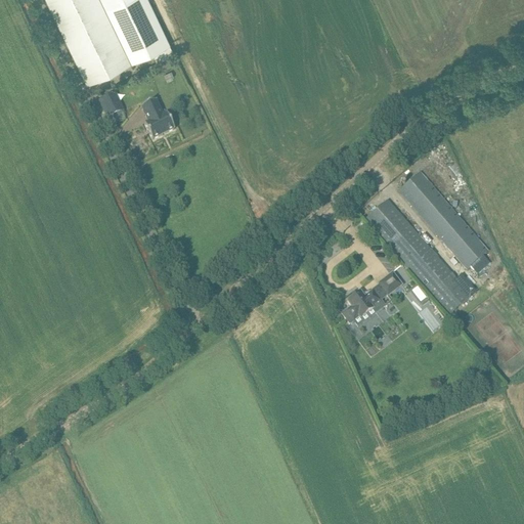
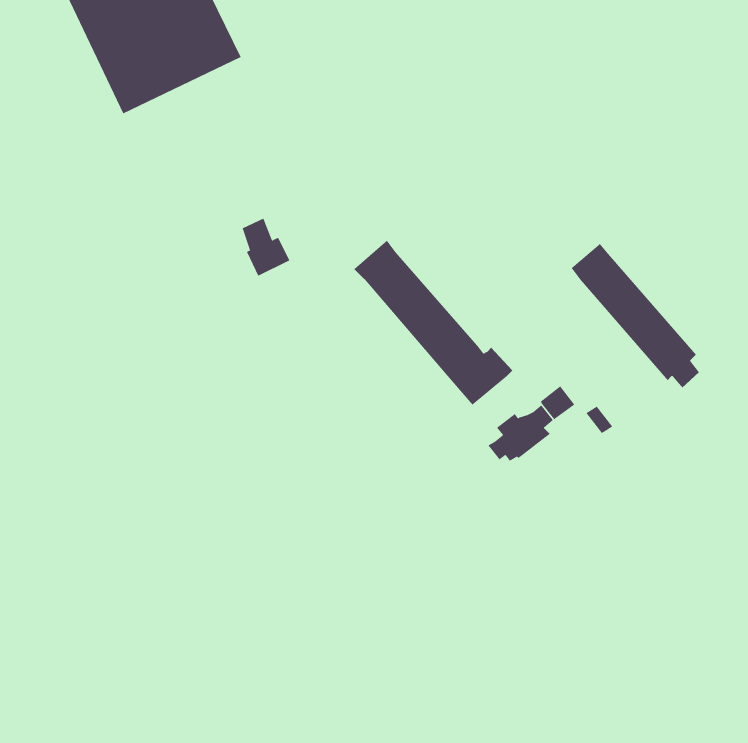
building: [98,89,124,115] -> none
building: [141,96,175,137] -> [242,218,290,277]
building: [364,196,476,312] -> [354,240,513,406]

